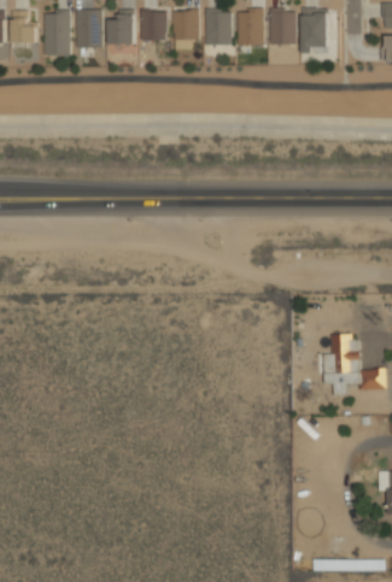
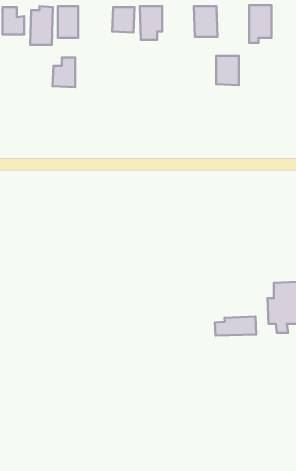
building: [204,8,232,46] -> none
building: [107,10,134,45] -> [53,58,75,87]
building: [269,10,296,45] -> [216,56,239,85]
building: none -> [215,317,256,336]

